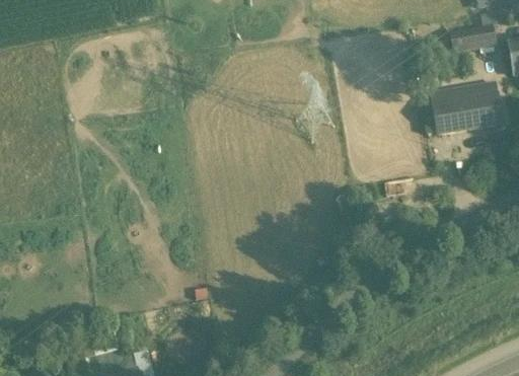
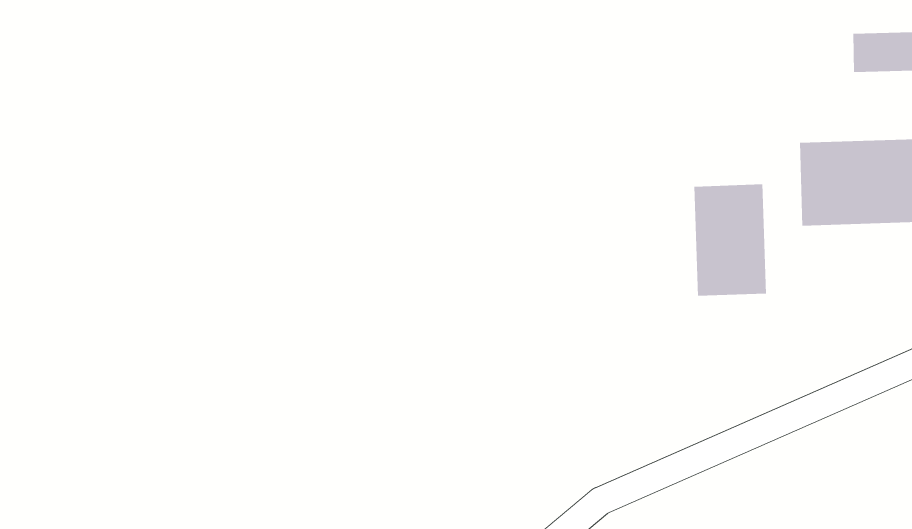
building: none -> [694,184,766,297]

